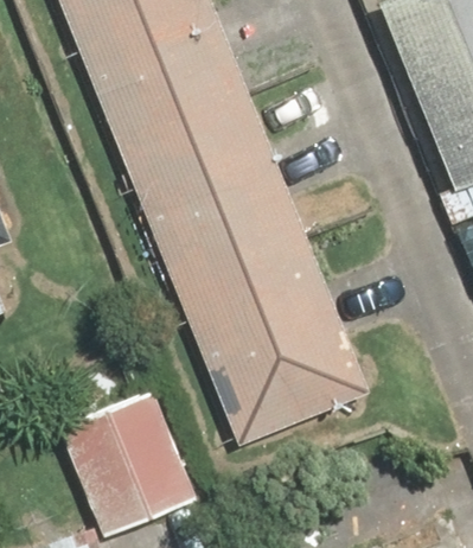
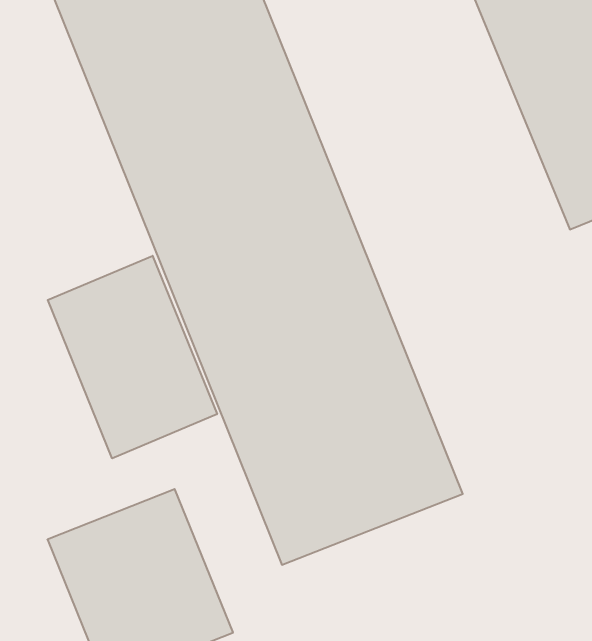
building: none -> [48,256,217,458]

